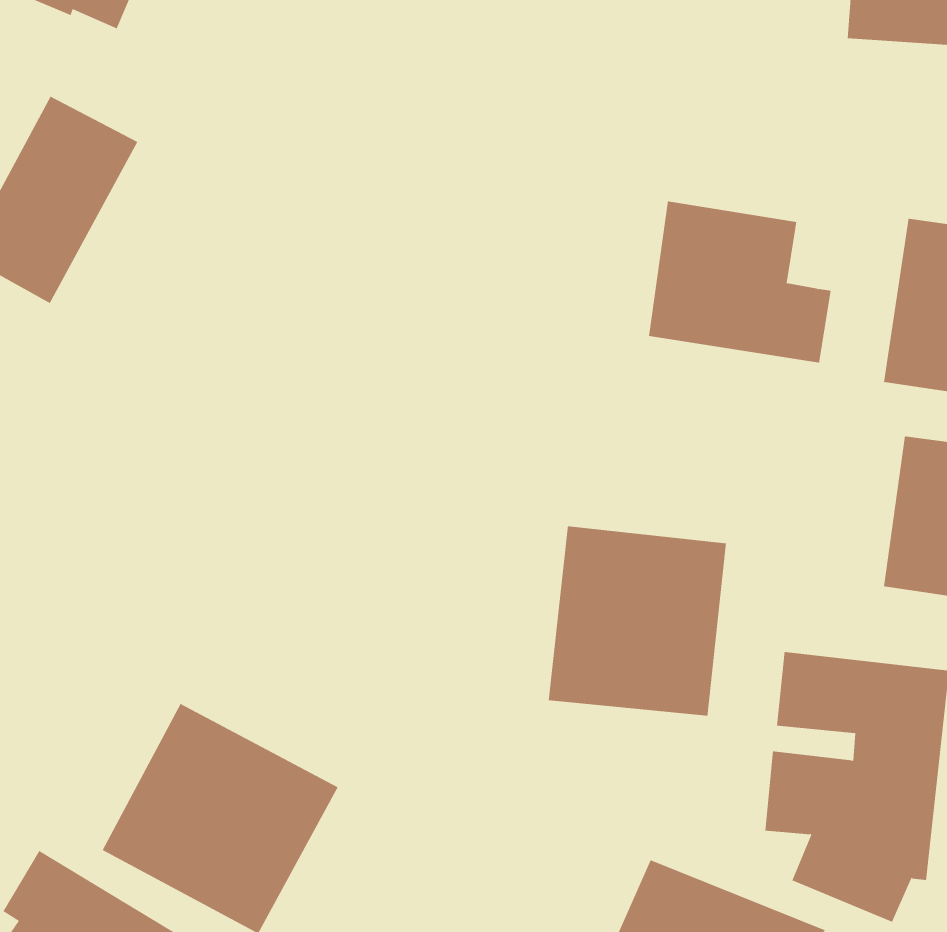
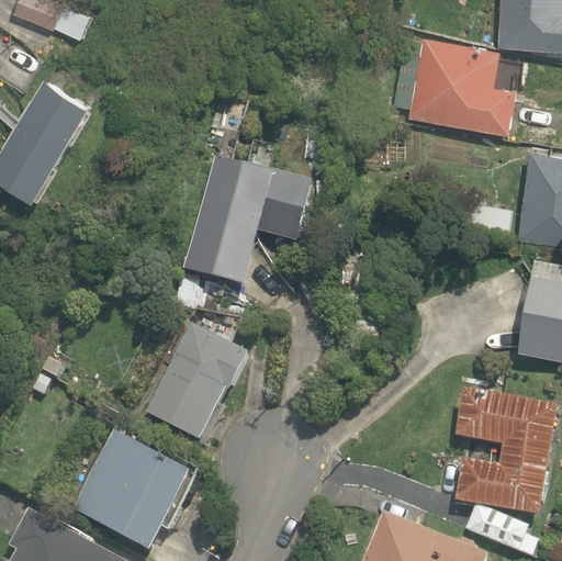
building: [648,201,831,363] -> [411,36,516,130]
building: none -> [184,161,316,291]
building: none -> [143,323,247,447]
building: [548,526,726,717] -> none

